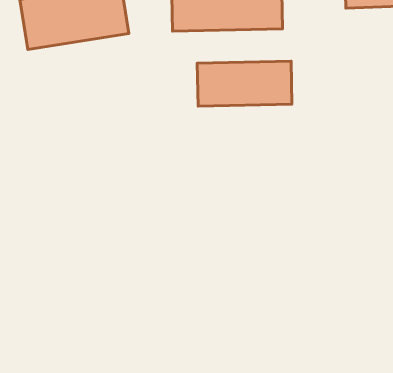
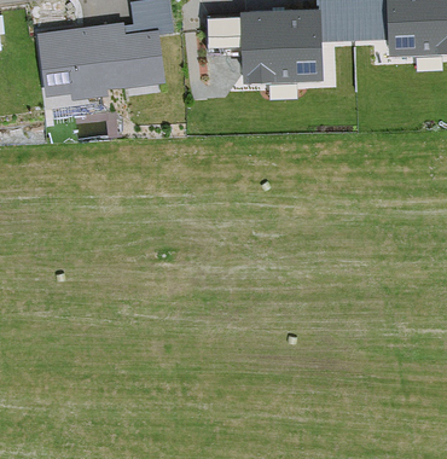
building: [197,61,292,106] -> none

